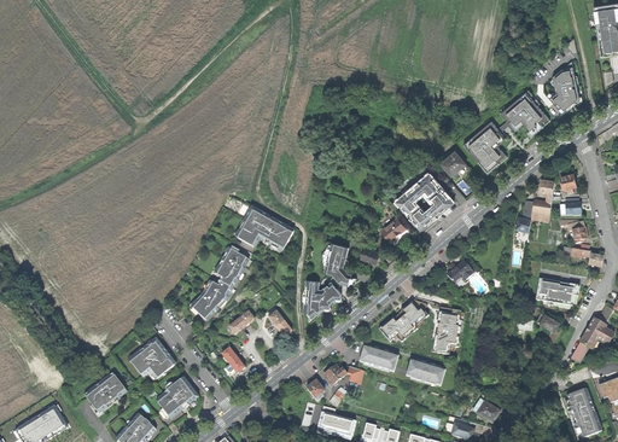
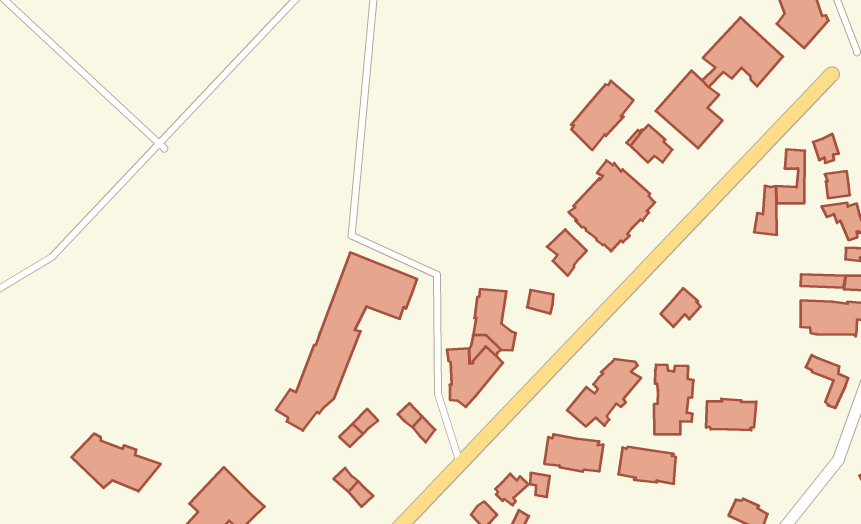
building: none -> [571,81,633,150]
building: none -> [72,434,161,491]
building: none -> [706,399,756,430]

